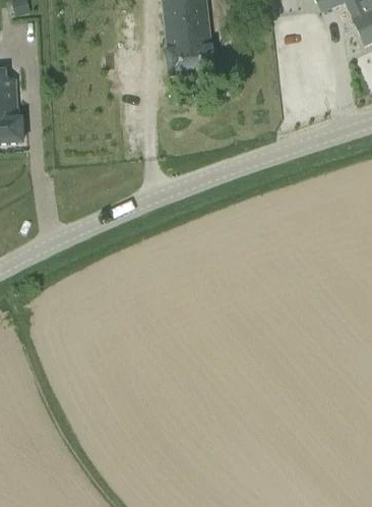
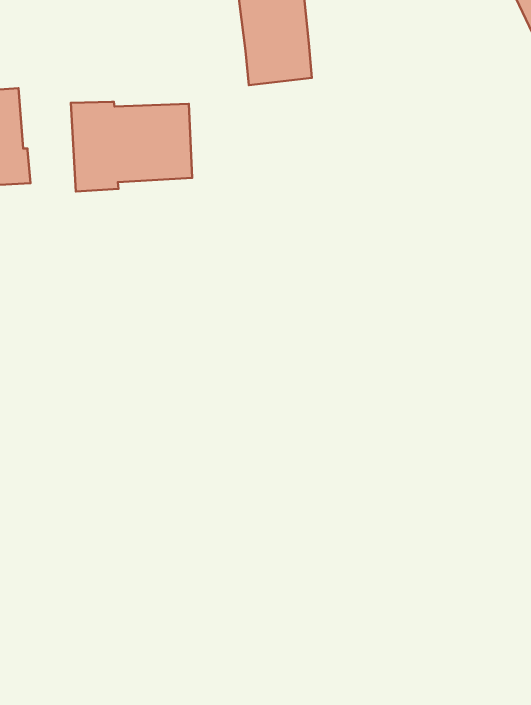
building: none -> [71,102,192,192]

